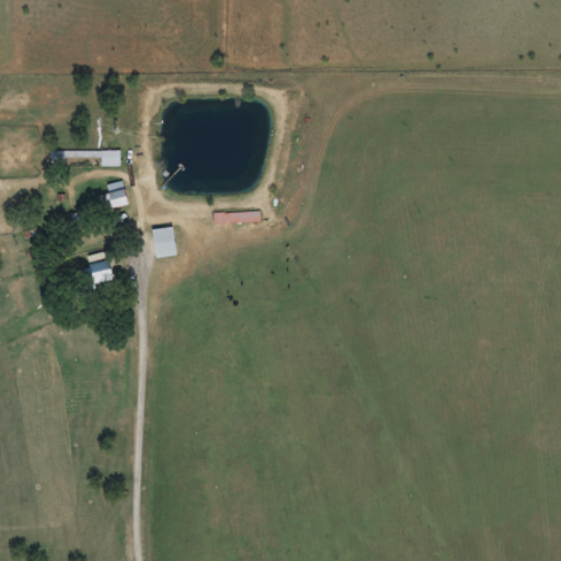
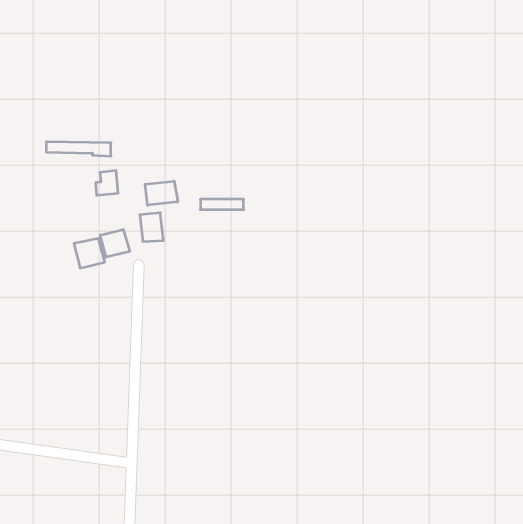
building: none -> [145,181,178,205]
building: none -> [100,229,130,257]

